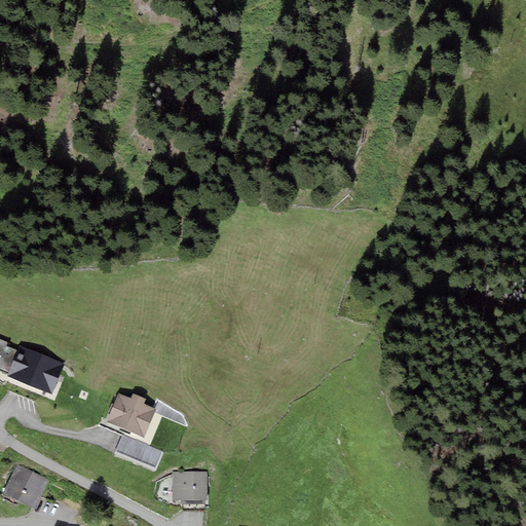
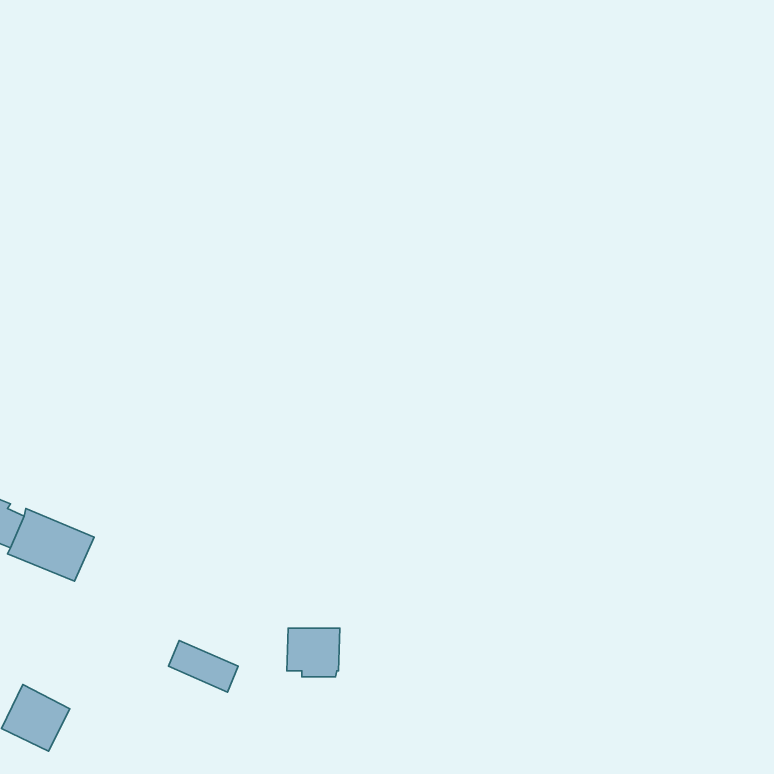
building: [105,392,155,437] -> none
building: [171,471,206,503] -> [287,628,340,677]

